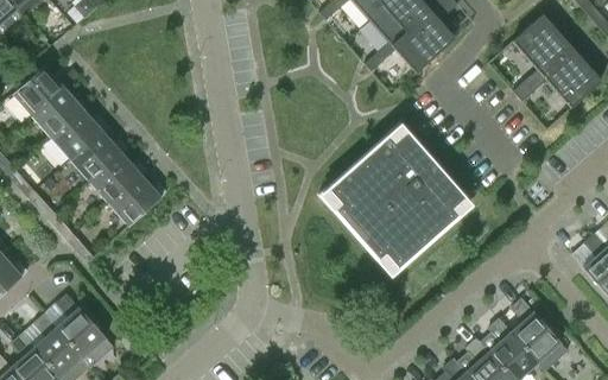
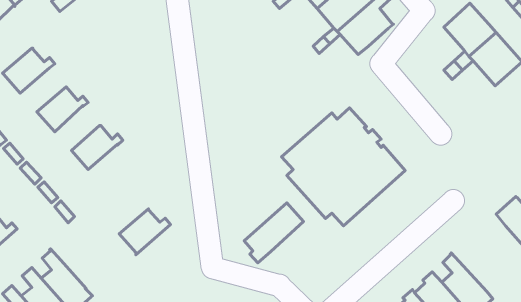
building: [32,88,90,138] -> none
building: [71,131,129,182] -> none
building: [109,175,167,227] -> [119,209,170,255]
building: none -> [244,203,304,263]

